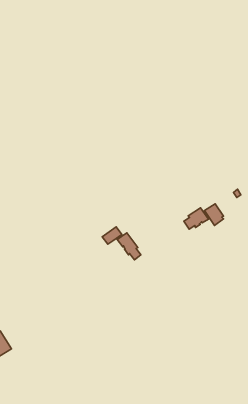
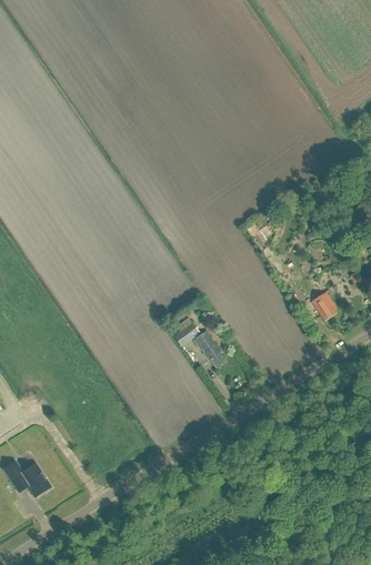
building: [184,208,209,229] -> none

